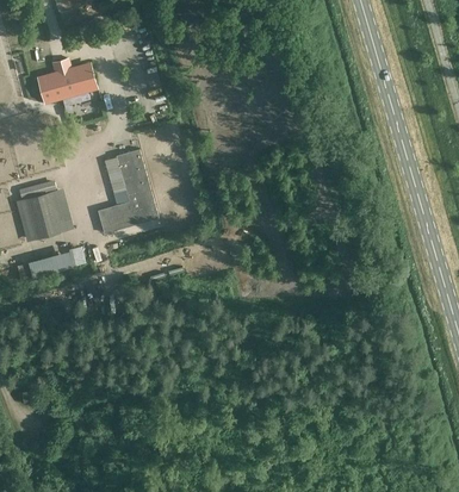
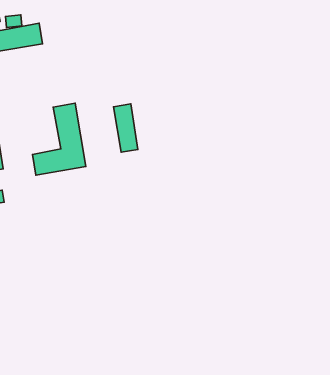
building: none -> [114,104,138,152]

